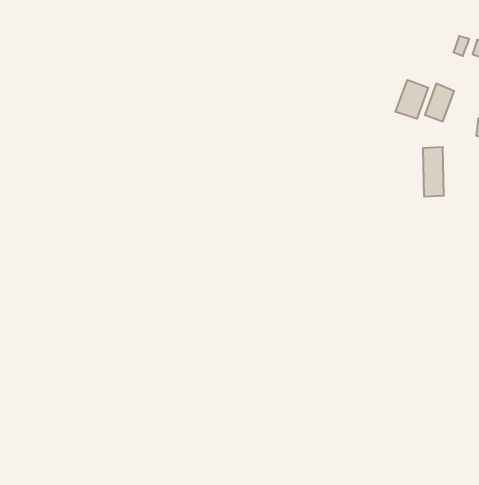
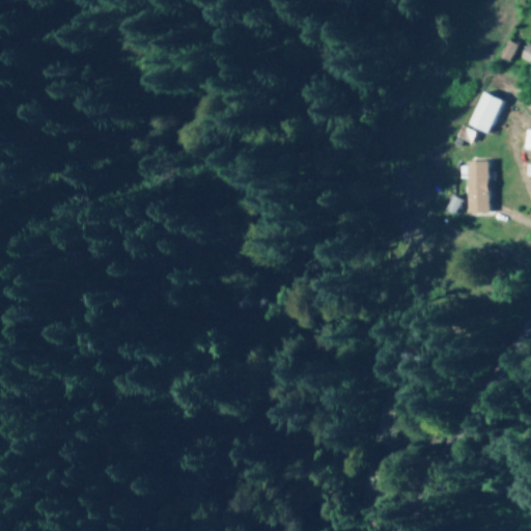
building: [396,80,428,119] -> none

